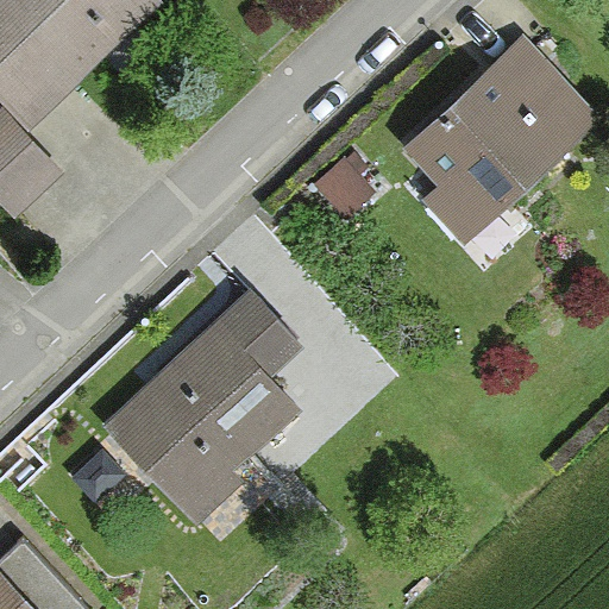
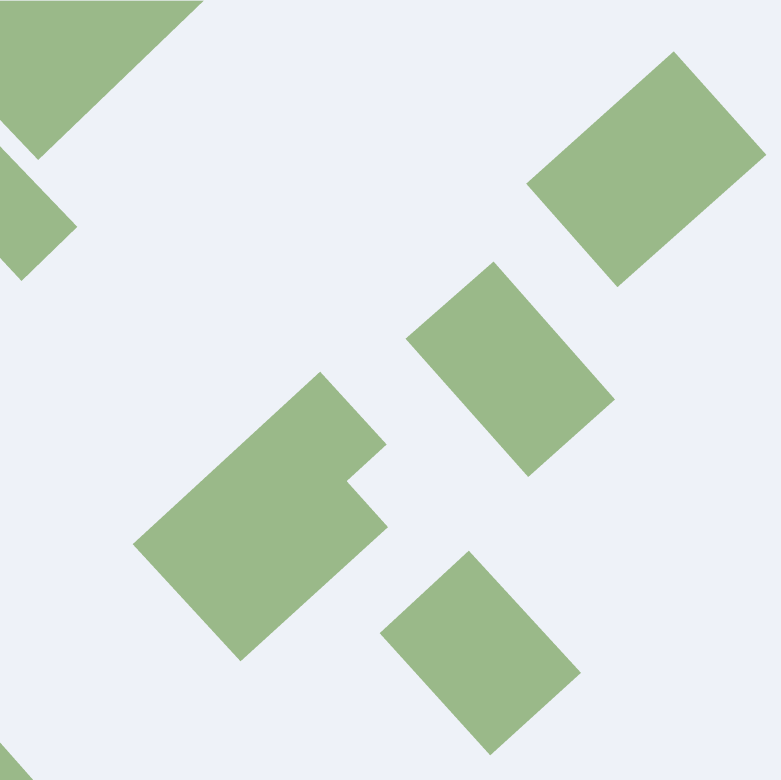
building: none -> [405,260,616,478]
building: none -> [379,550,582,756]

